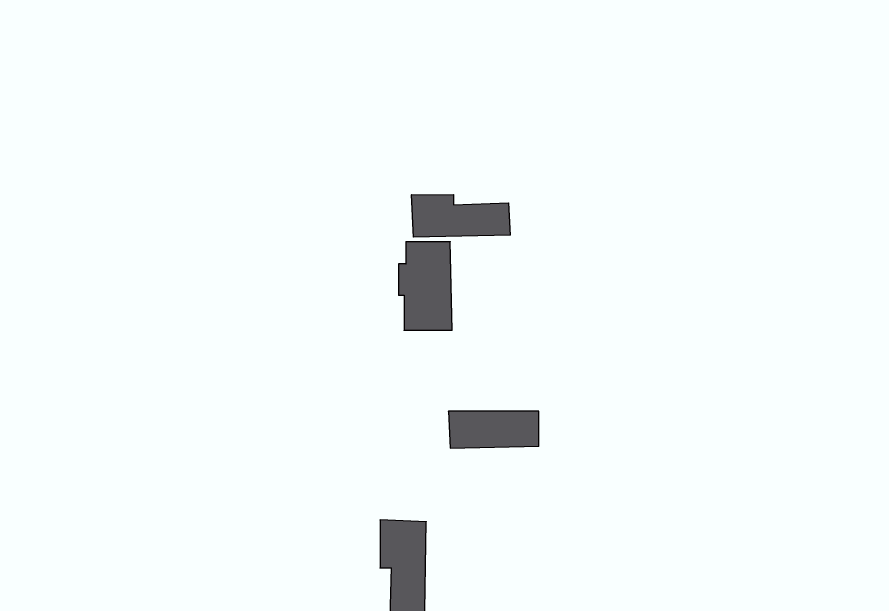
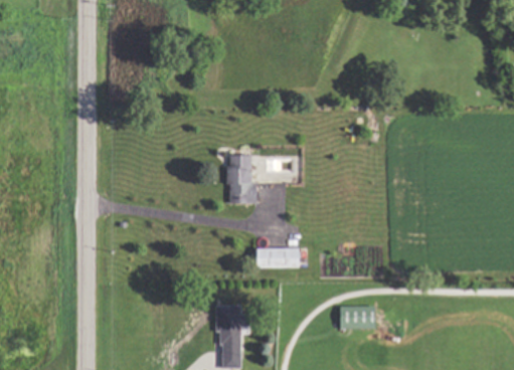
building: [412,195,510,237] -> none
building: none -> [339,306,375,329]

